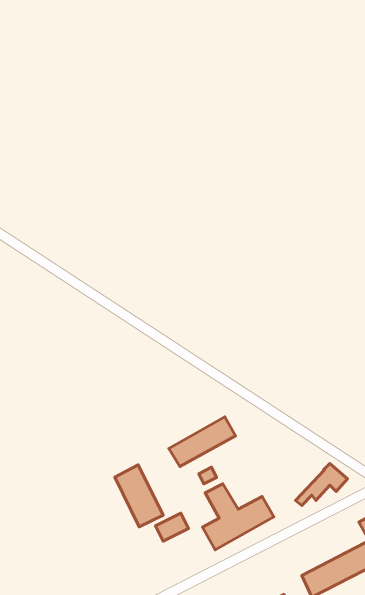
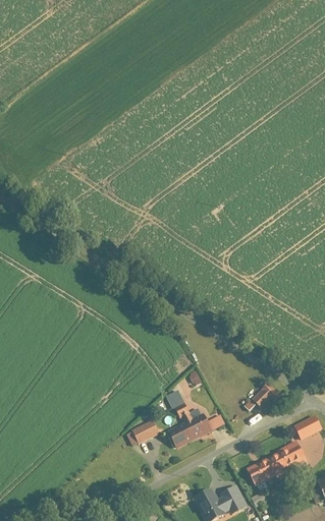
building: [169,417,235,467] -> none
building: [115,465,163,527] -> none

